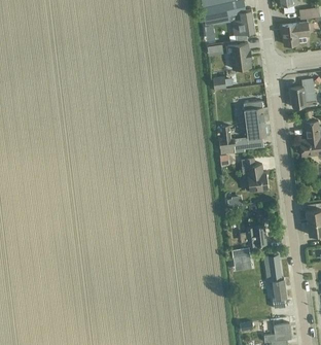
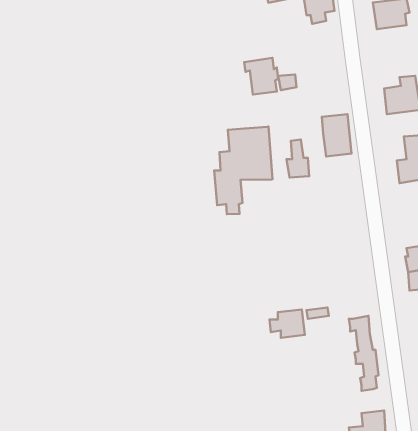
building: [226,42,251,69] -> [244,58,278,94]
building: none -> [214,127,273,214]
building: [240,157,268,191] -> none
building: [240,225,265,245] -> [269,309,305,338]

